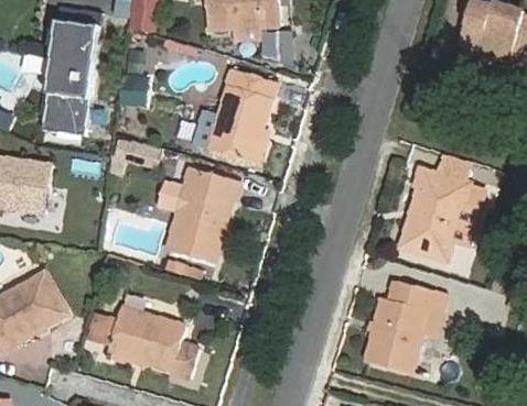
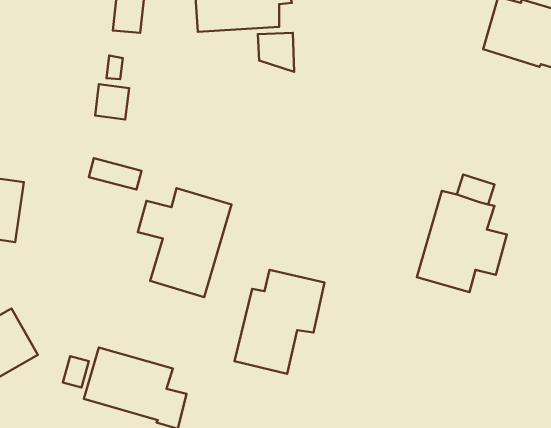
building: [42,24,98,138] -> none
building: [193,69,275,163] -> none
building: [365,281,444,372] -> [235,270,325,374]

